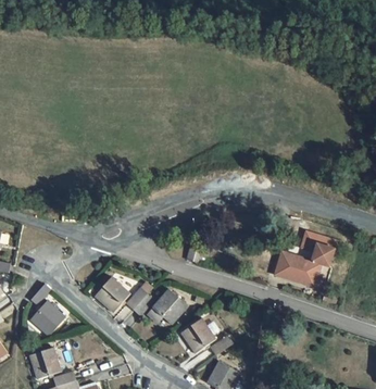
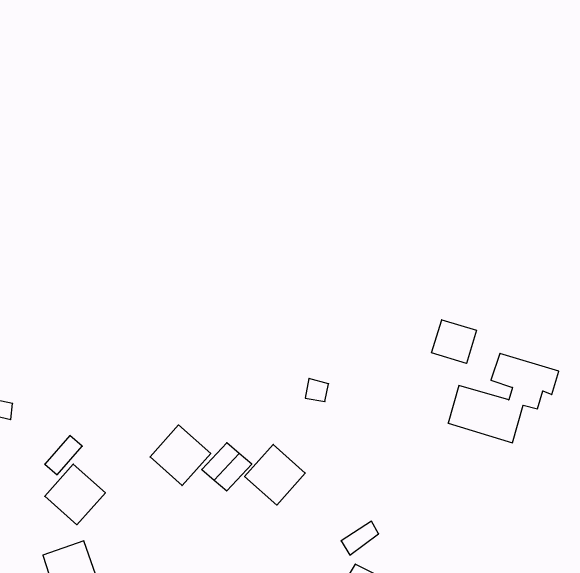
building: none -> [432,320,476,363]
building: [180,317,216,354] -> none

